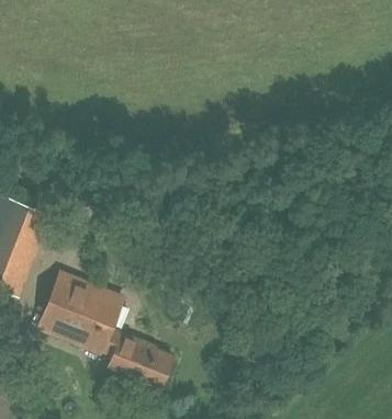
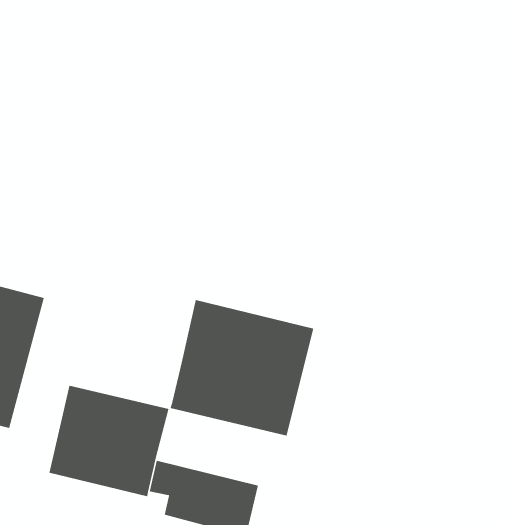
building: none -> [170,299,314,436]

